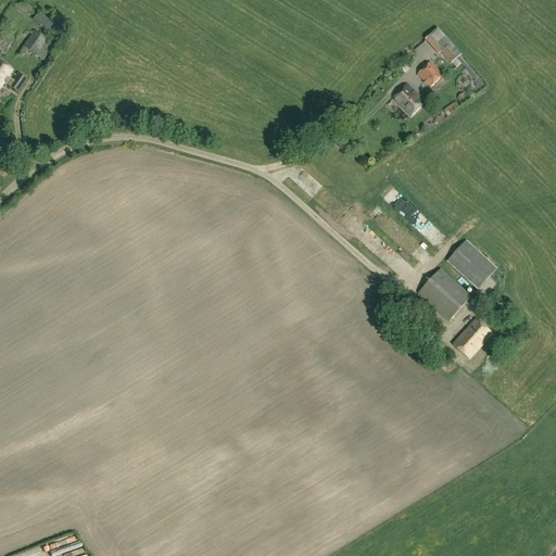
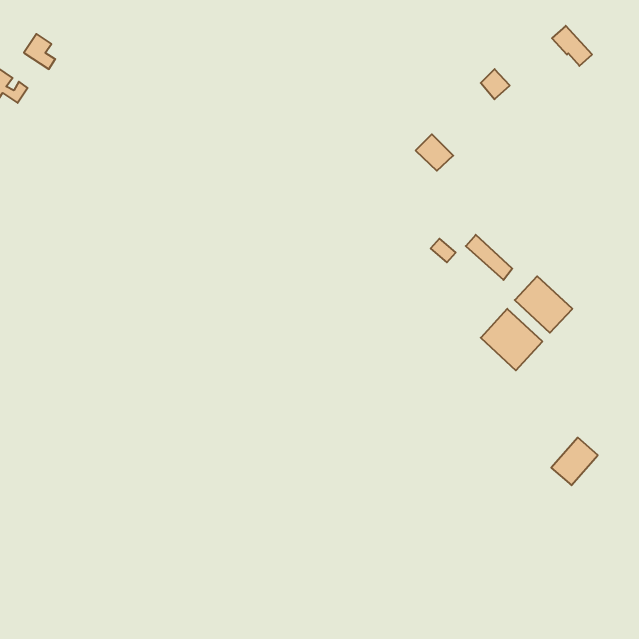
building: [425,27,459,62] -> [552,26,592,66]
building: [392,81,425,113] -> [416,134,453,171]
building: [451,317,491,358] -> [551,438,598,485]

